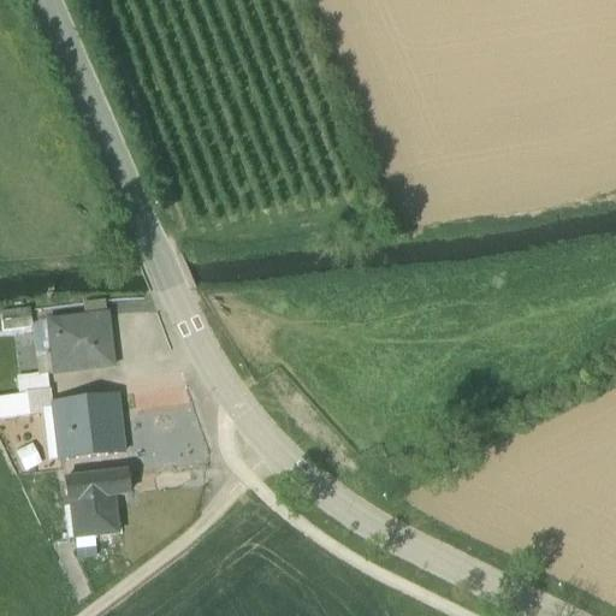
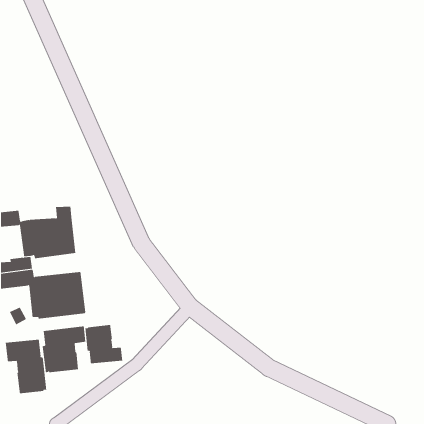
building: none -> [85,324,123,364]
building: none -> [5,339,47,394]

